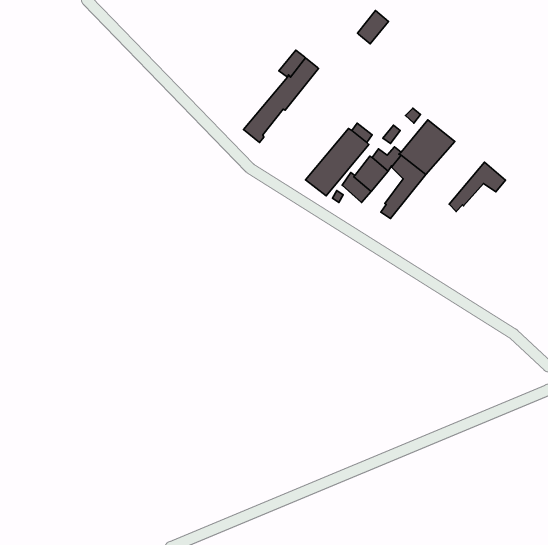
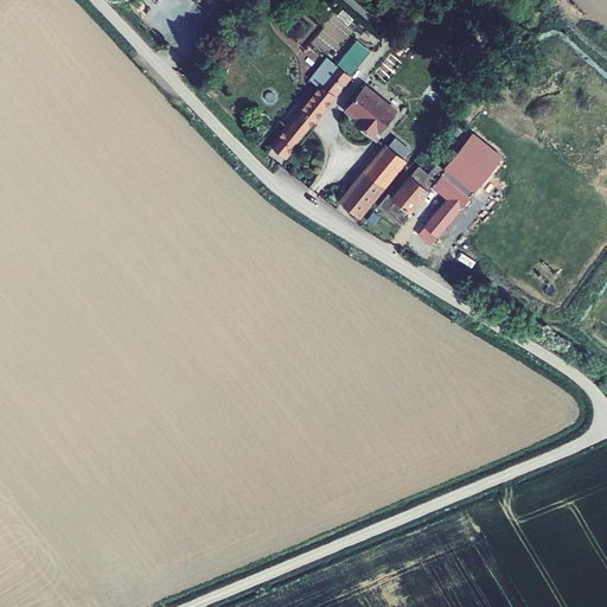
building: [357,11,389,44] -> [337,40,371,77]
building: none -> [344,85,397,142]
building: [449,162,505,212] -> none

